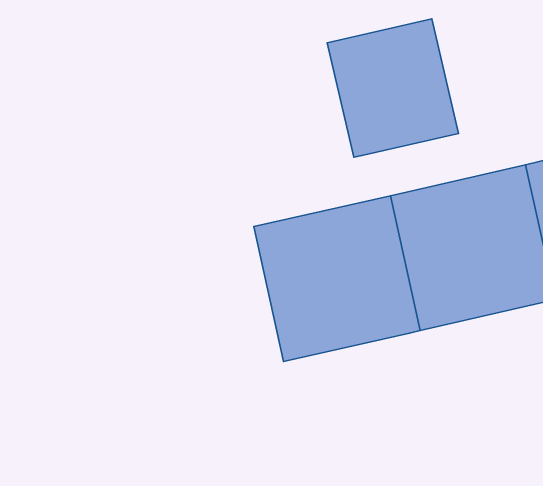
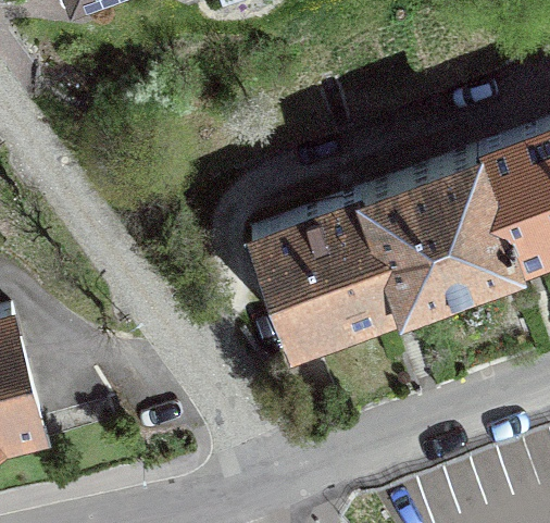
building: [327,19,458,157] -> none

